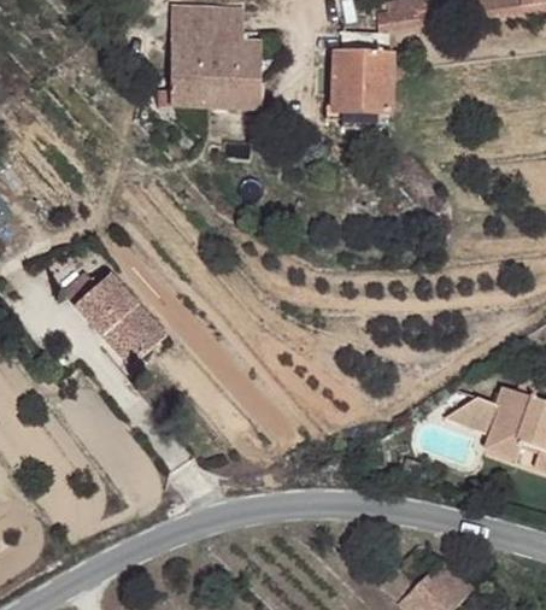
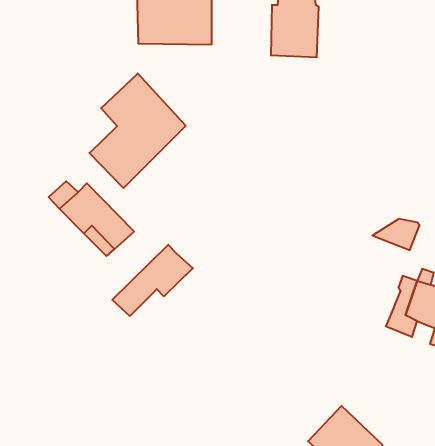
building: none -> [89,73,186,188]
building: none -> [112,245,193,316]
building: [436,395,494,434] -> [372,219,420,250]

